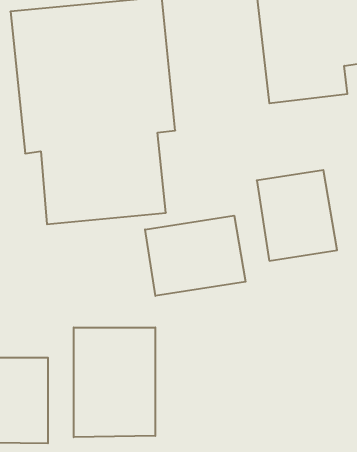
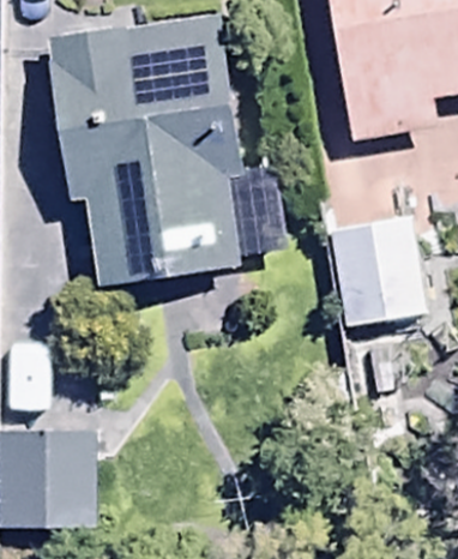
building: [145,216,246,296] -> none
building: [74,327,155,437] -> none

